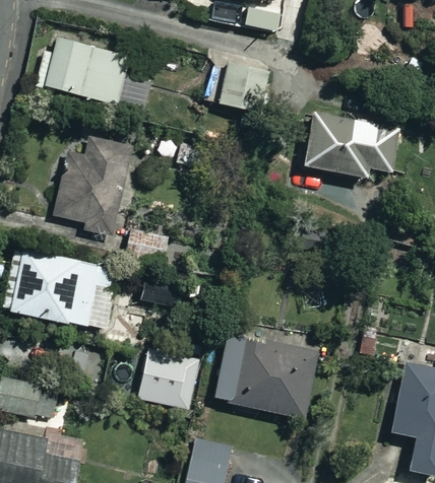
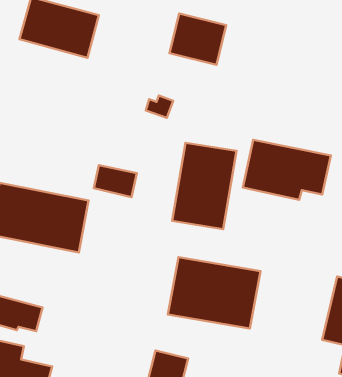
building: [300,110,401,179] -> [243,140,331,200]
building: [52,135,135,230] -> none
building: none -> [172,143,236,229]
building: [138,350,200,409] -> none

